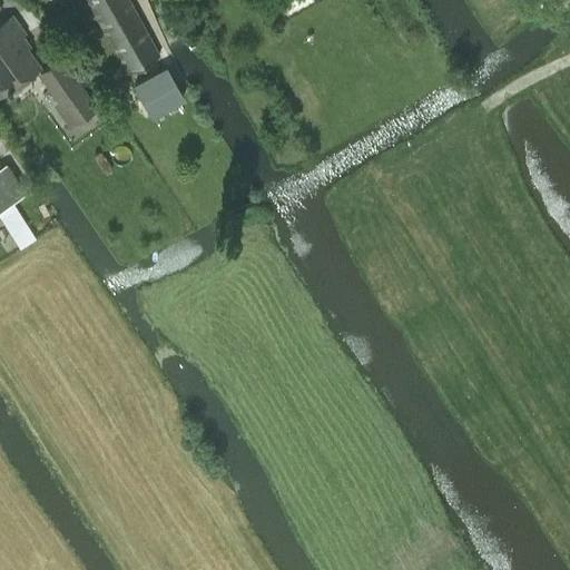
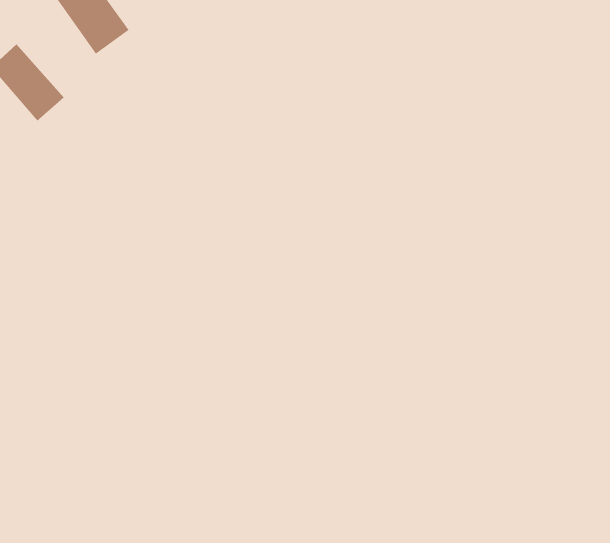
building: [135,70,183,118] -> none

